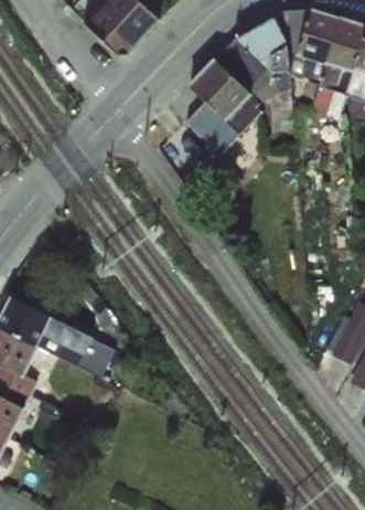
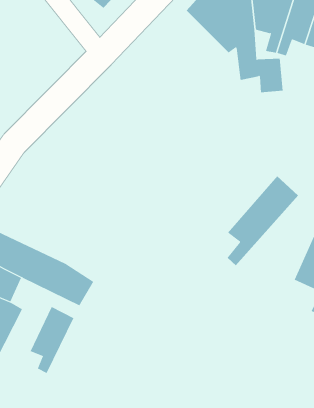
building: [189,57,268,147] -> none
building: none -> [227,175,299,266]
building: none -> [30,306,74,374]

